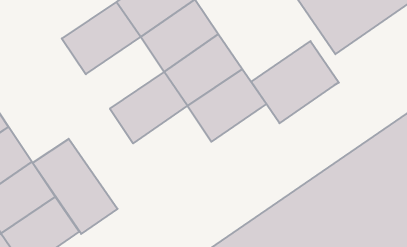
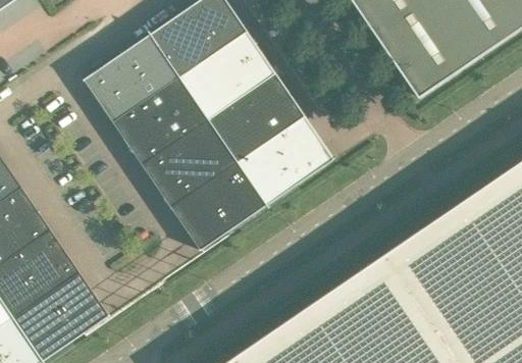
building: none -> [114,76,210,164]
building: [251,41,339,123] -> none
building: none -> [172,161,268,250]
building: [33,139,118,234] -> none

